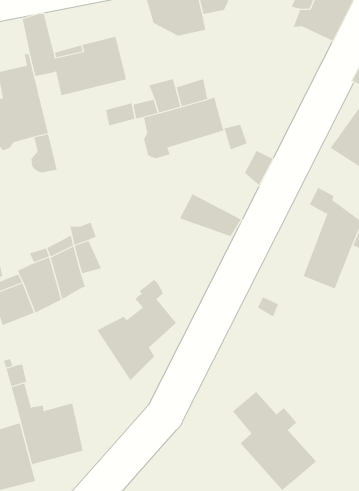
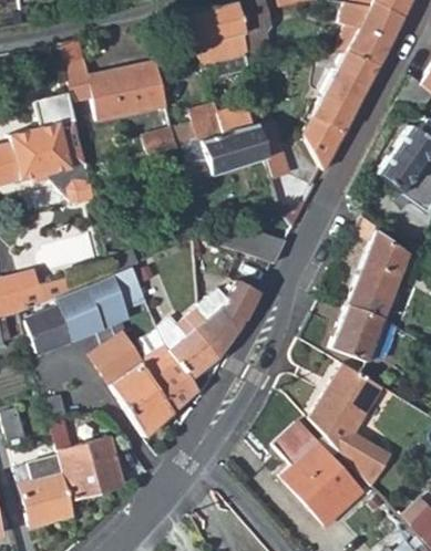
building: none -> [305,51,379,171]
building: none -> [199,283,265,353]
building: none -> [330,305,381,362]
building: none -> [92,335,172,438]
building: none -> [309,364,390,488]

